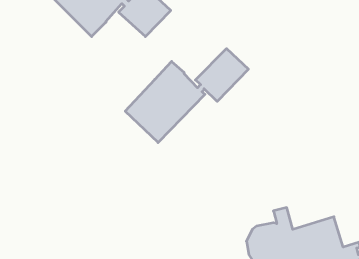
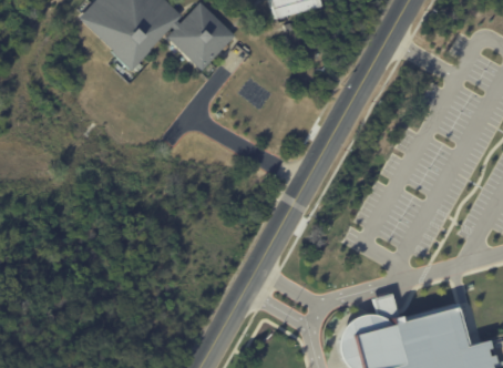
building: [125,49,248,143] -> none

